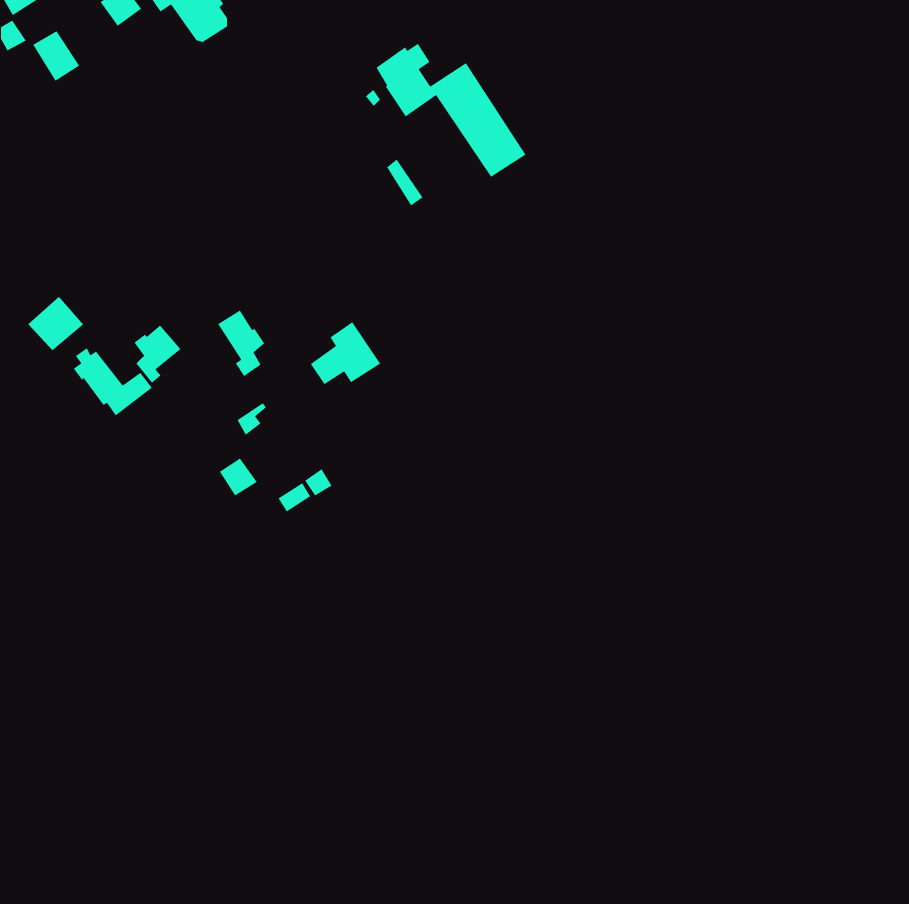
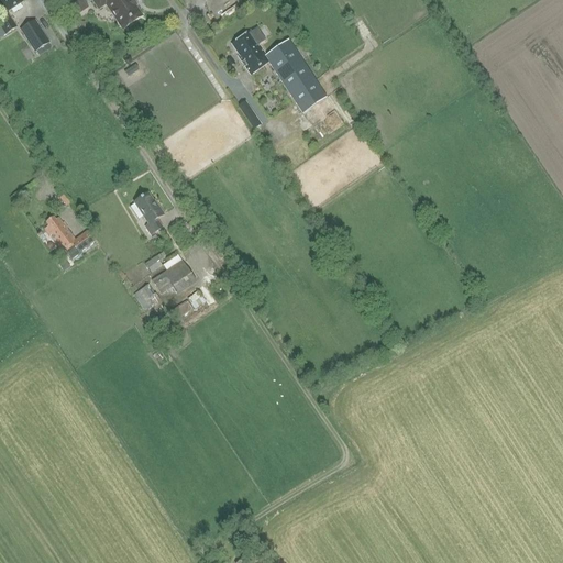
building: [28,296,84,351] -> none
building: [310,321,381,385] -> [152,253,196,292]
building: [134,325,182,384] -> none

